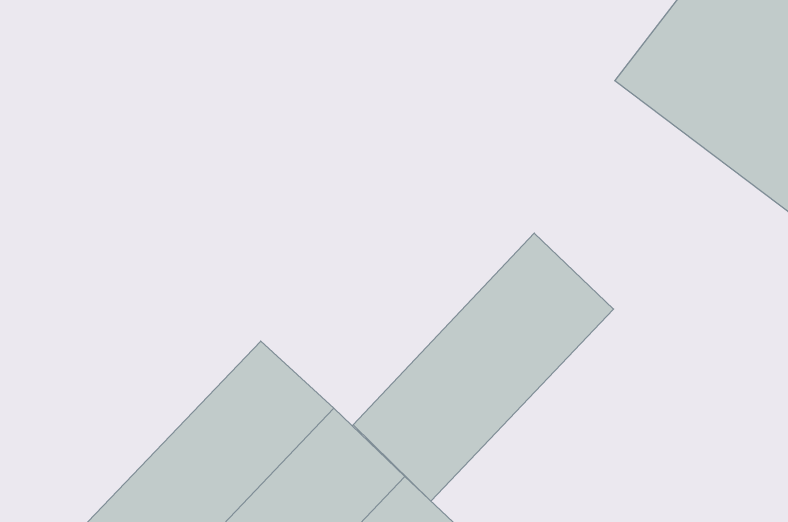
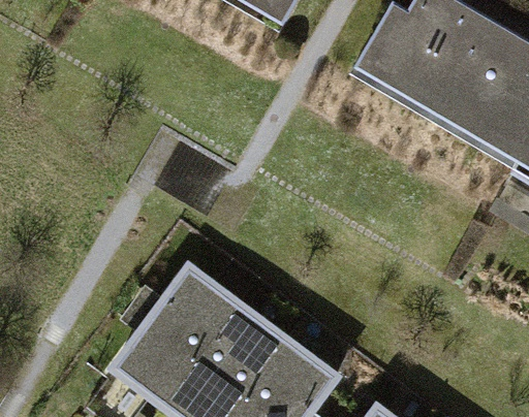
building: [353,233,614,501] -> none

